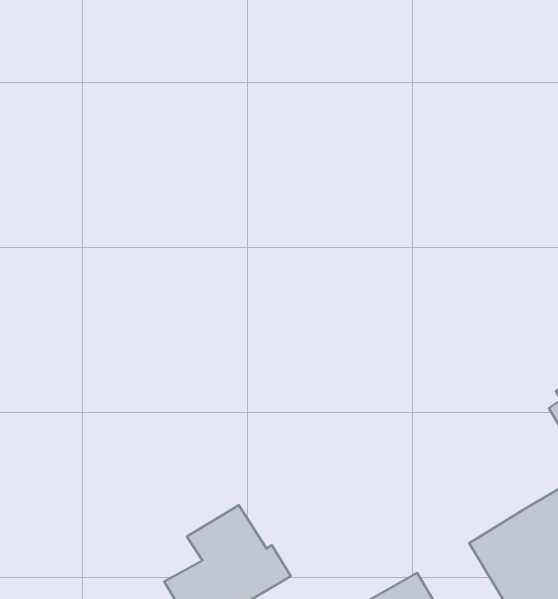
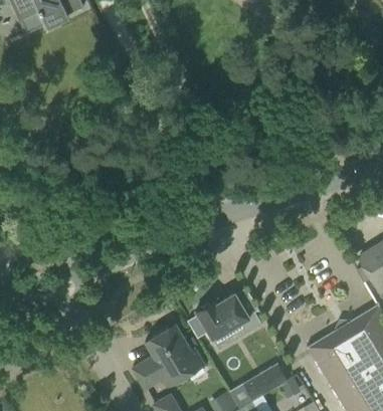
building: none -> [195,292,261,341]

